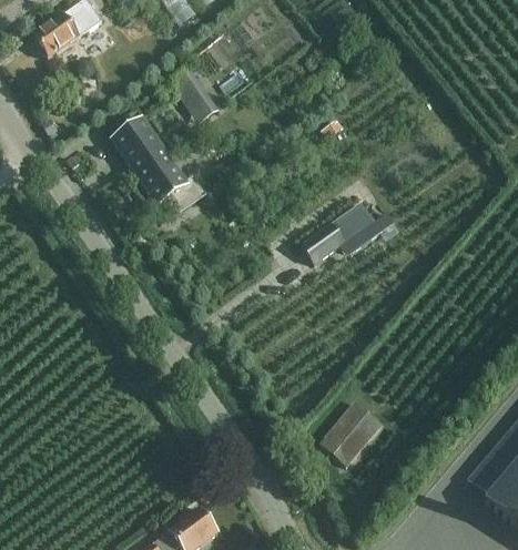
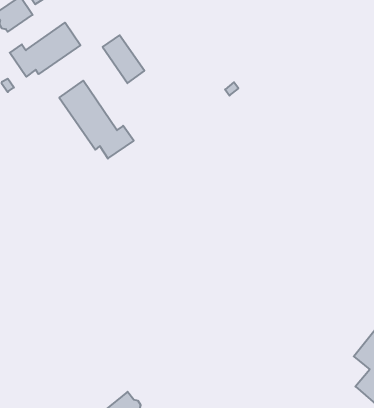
building: none -> [10,23,80,77]
building: [301,201,376,265] -> none
building: [322,403,383,466] -> none

